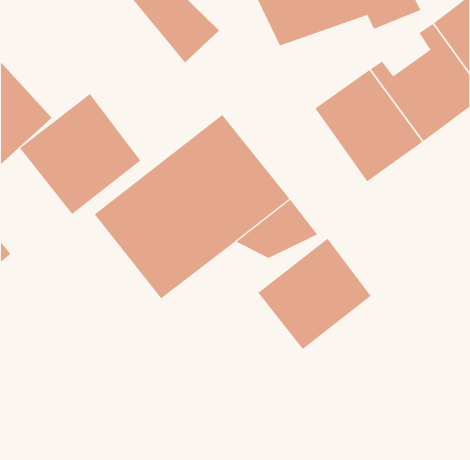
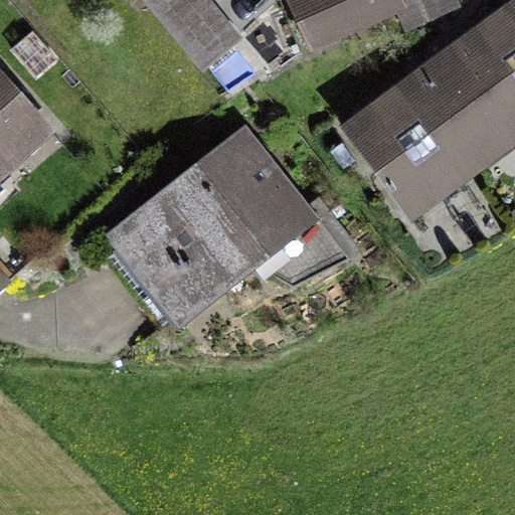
building: [19,93,141,215] -> none
building: [257,238,372,350] -> none

